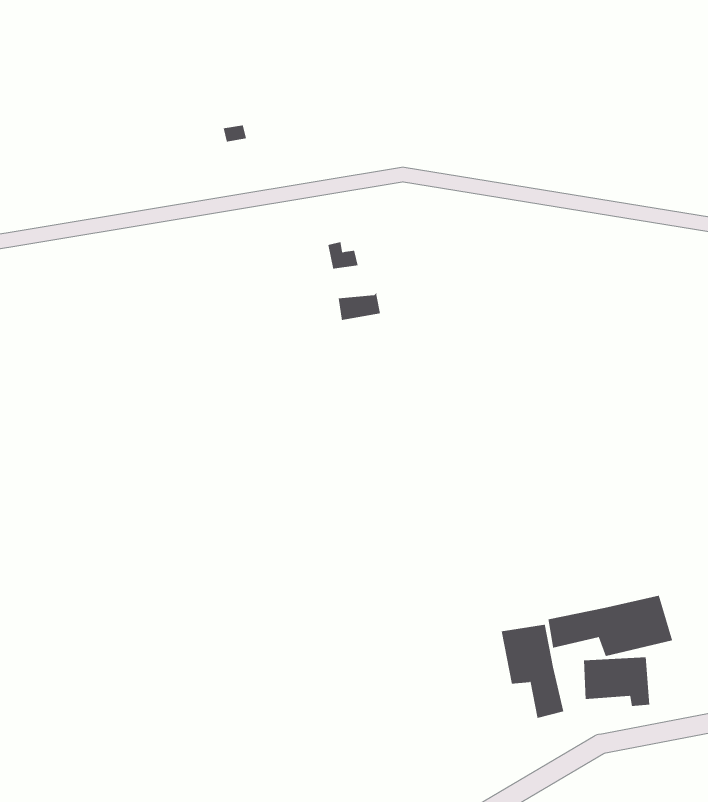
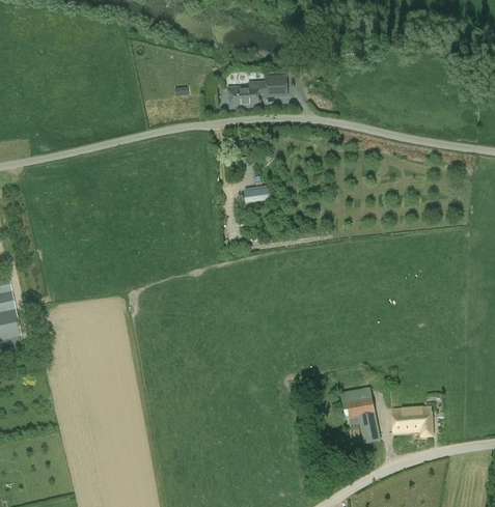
building: none -> [228,76,287,108]
building: [548,595,673,657] -> none

